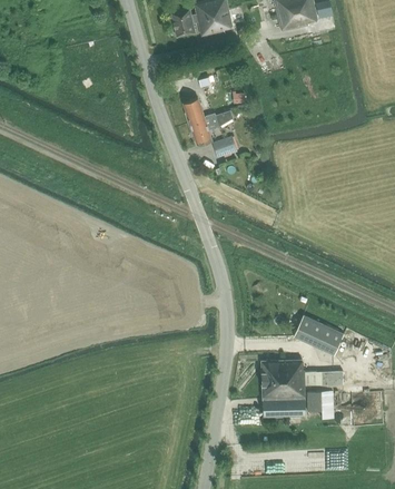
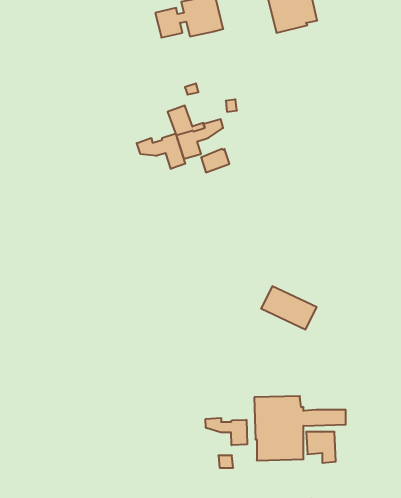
building: none -> [137,133,185,169]
building: [294,315,344,354] -> [261,286,317,329]
building: none -> [206,418,247,445]

